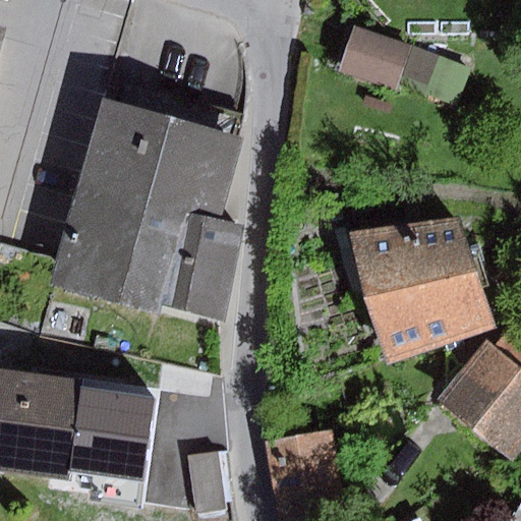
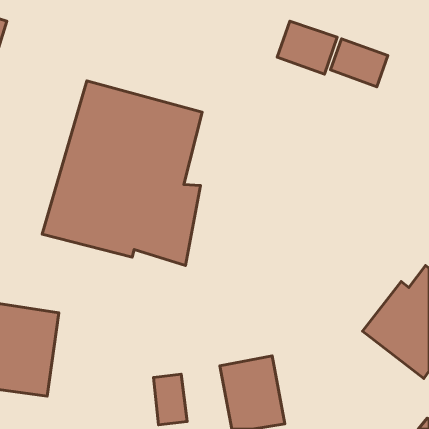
building: [345,218,495,361] -> none
building: [57,378,164,491] -> none

